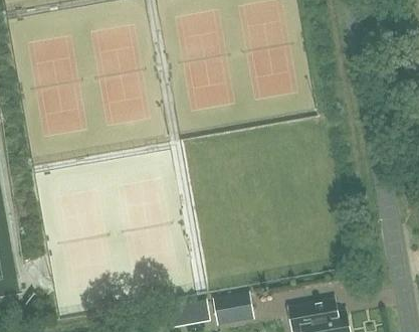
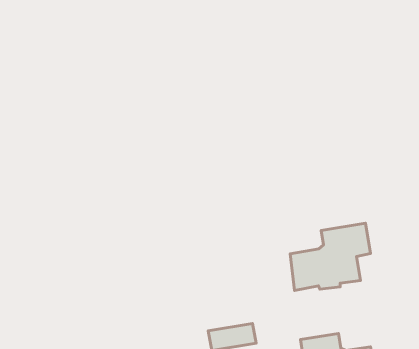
building: none -> [290,223,371,291]

